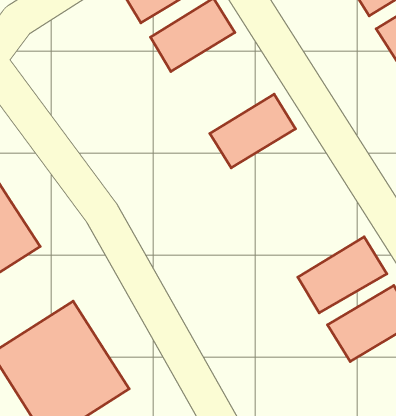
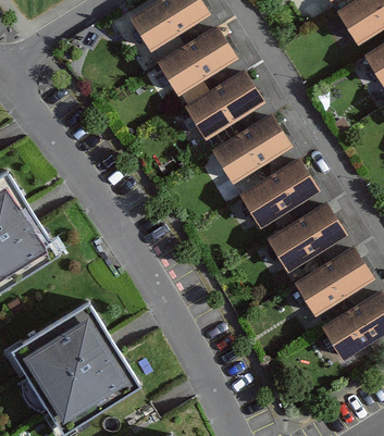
building: none -> [184,72,262,139]
building: none -> [238,159,318,228]
building: none -> [265,203,345,272]

